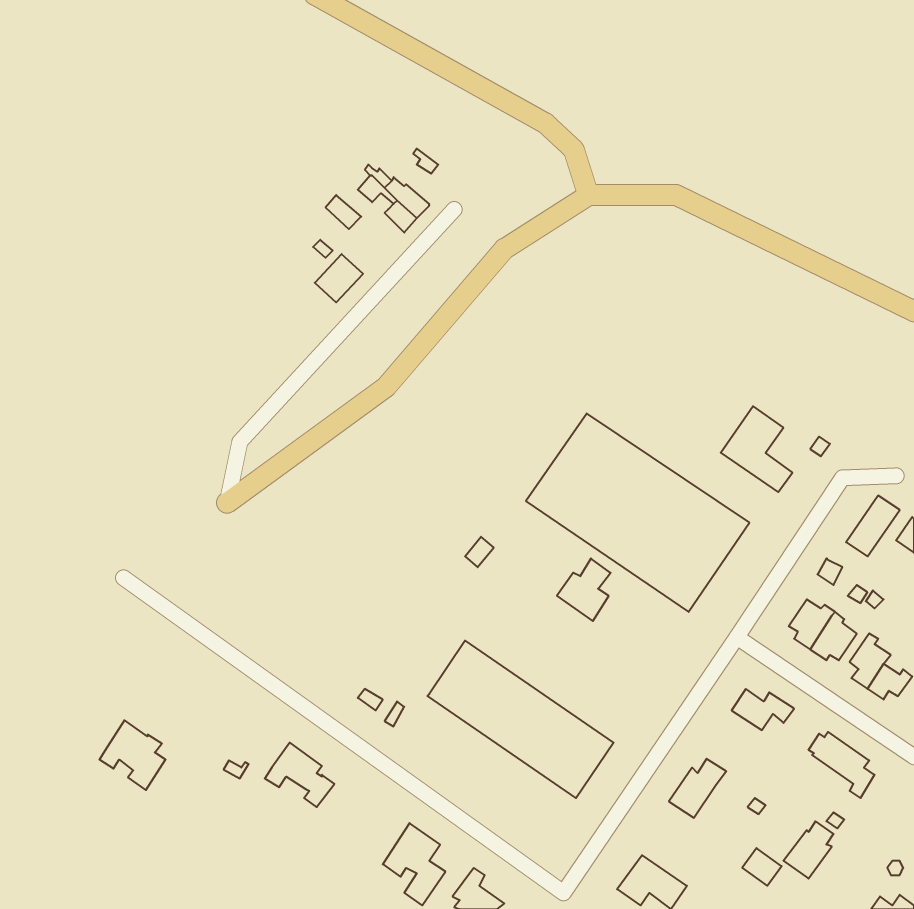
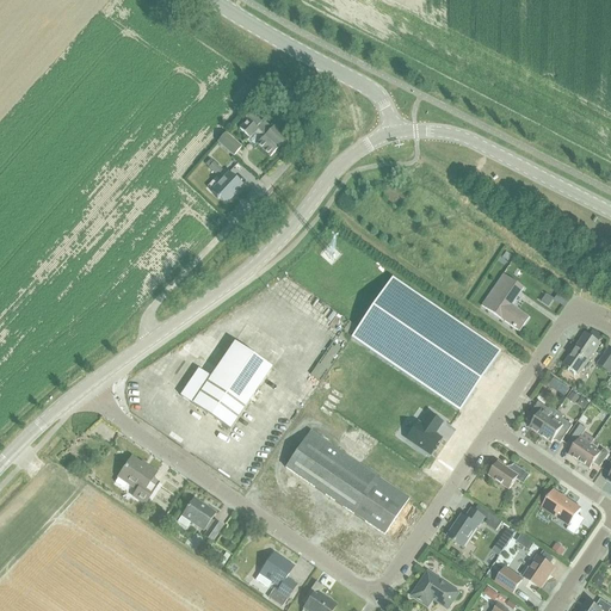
building: none -> [180,340,272,426]
building: [557,558,611,621] -> [406,411,442,452]
building: [99,720,166,790] -> [115,453,159,500]

